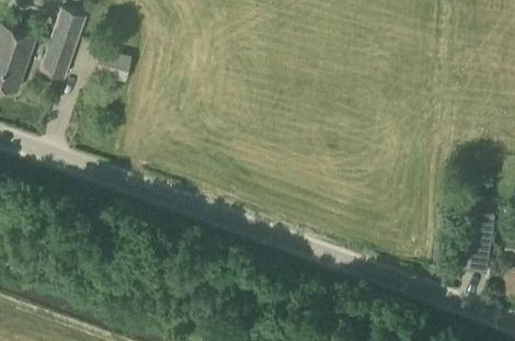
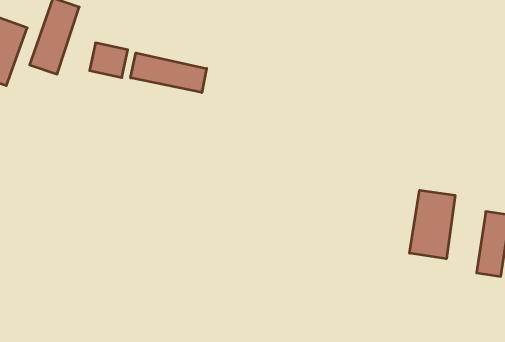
building: none -> [131,53,207,93]
building: none -> [410,190,455,259]

